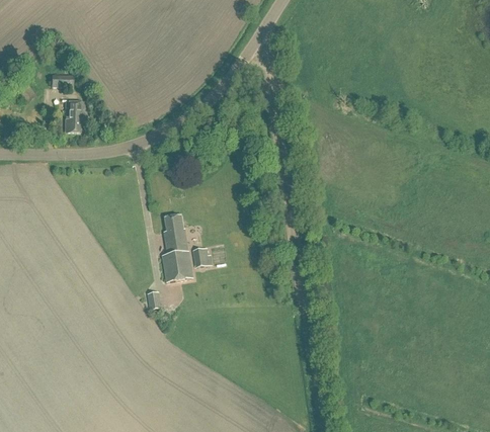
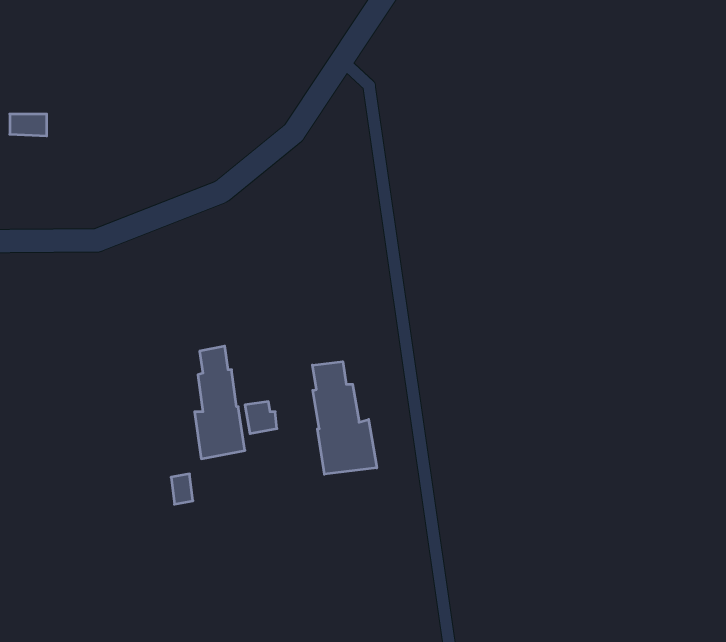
building: [65,101,84,133] -> none
building: none -> [312,362,377,474]

